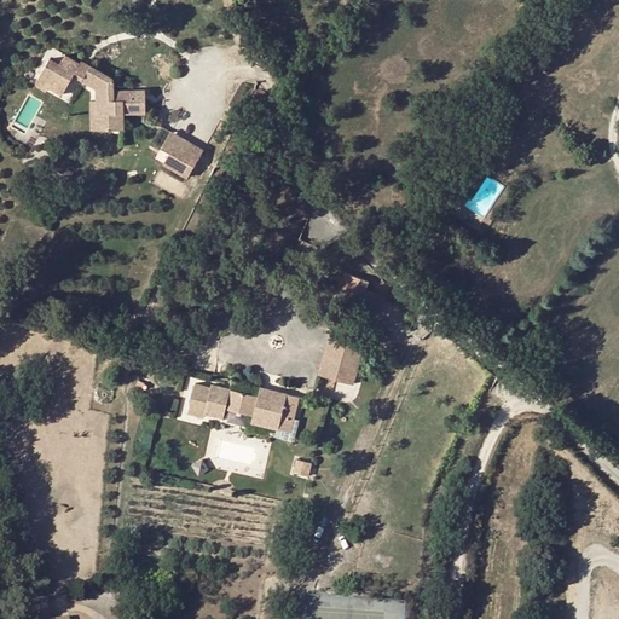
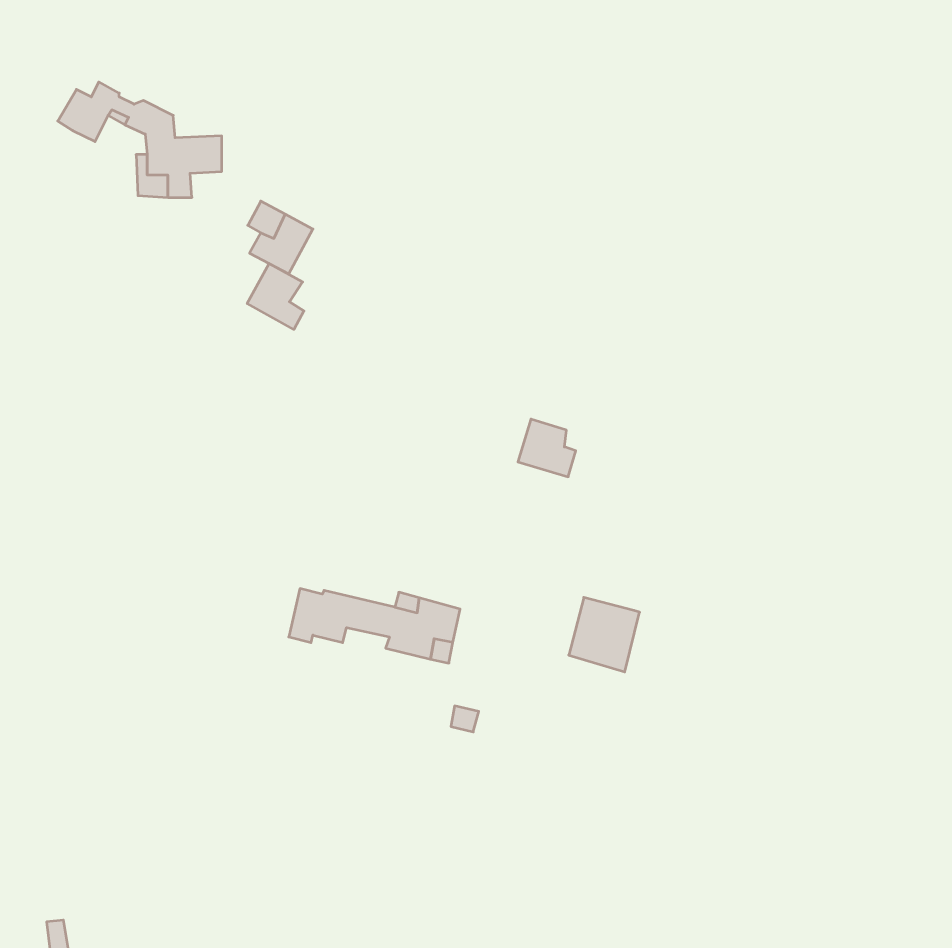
building: none -> [247,263,304,329]
building: [318,337,364,386] -> [569,597,640,672]

